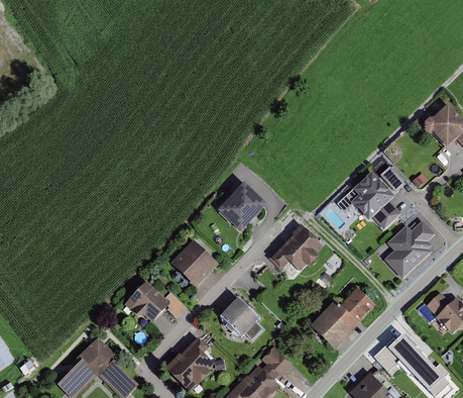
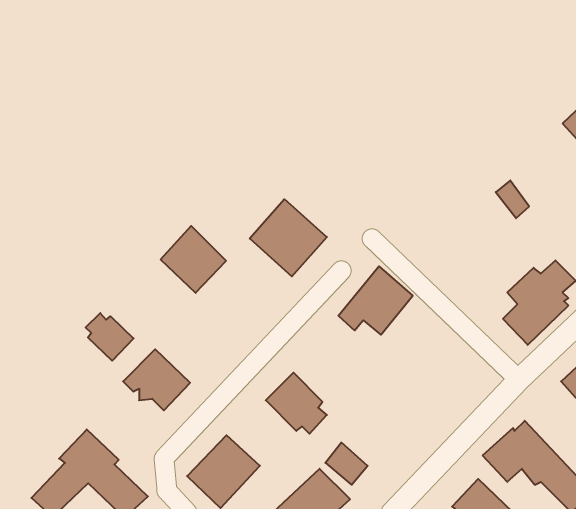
building: [353,172,399,228] -> none
building: [172,240,218,287] -> [161,226,226,293]
building: none -> [86,313,134,361]
building: [312,289,375,349] -> none

